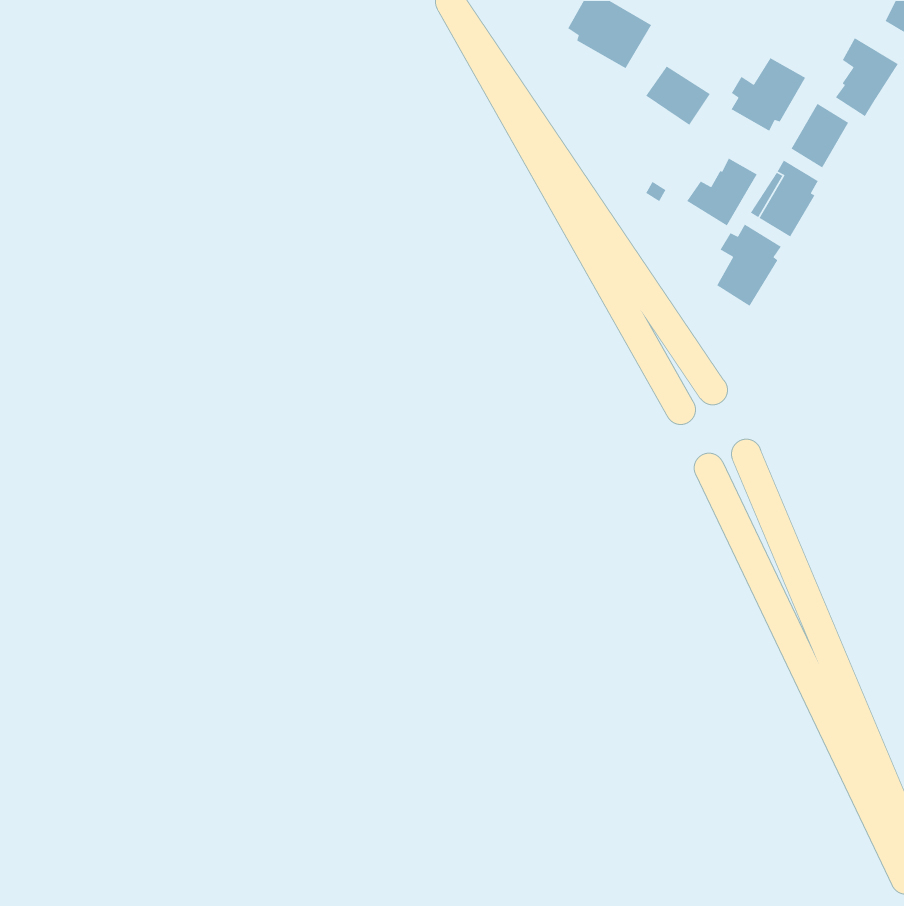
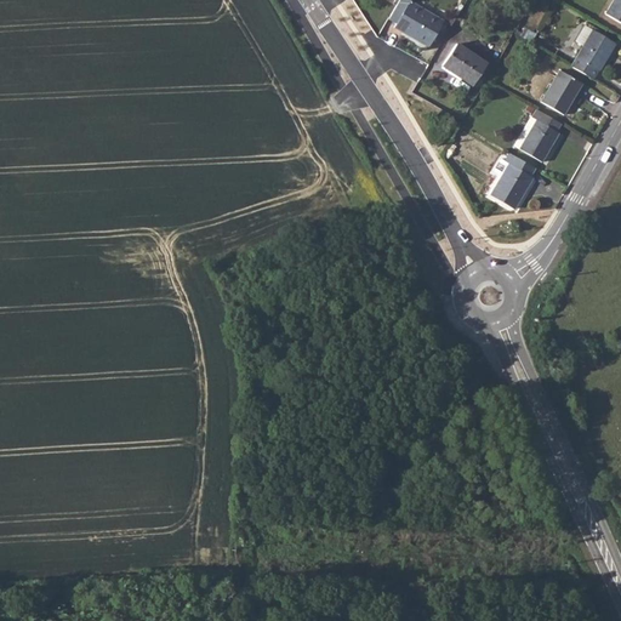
building: [730,57,806,132] -> none
building: [686,158,758,226] -> none

